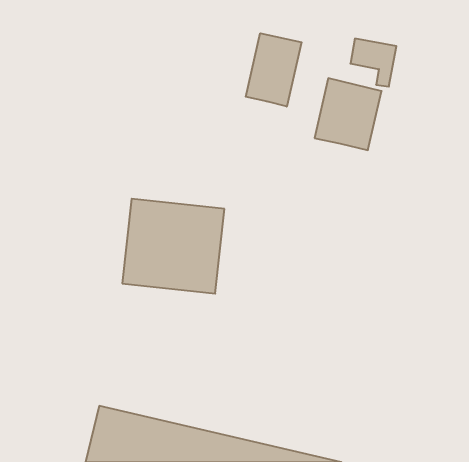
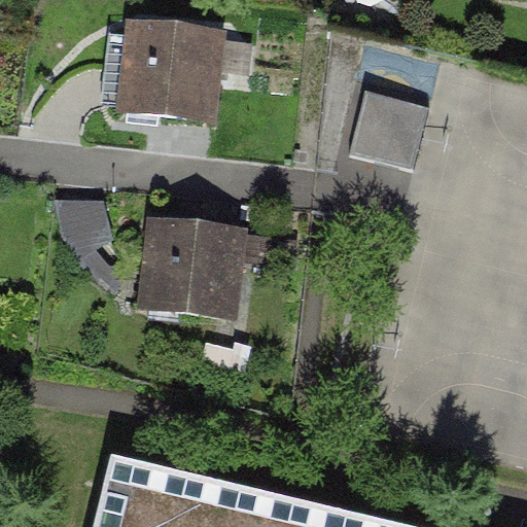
building: none -> [126,26,219,129]
building: [246,33,302,107] -> none

